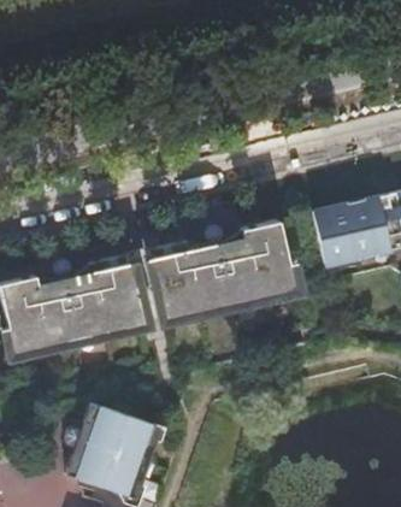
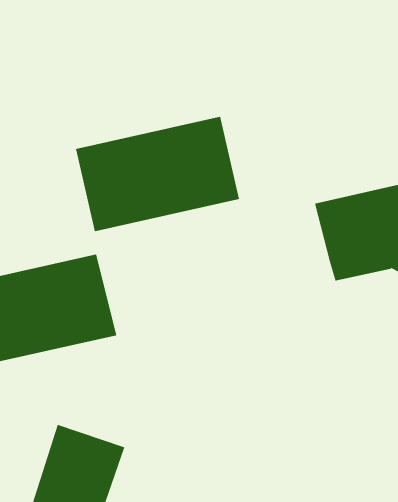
building: [148,222,294,324] -> [75,116,240,232]

